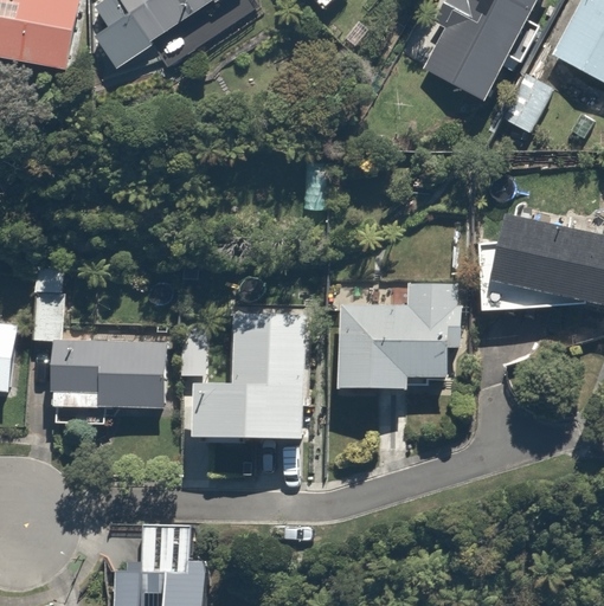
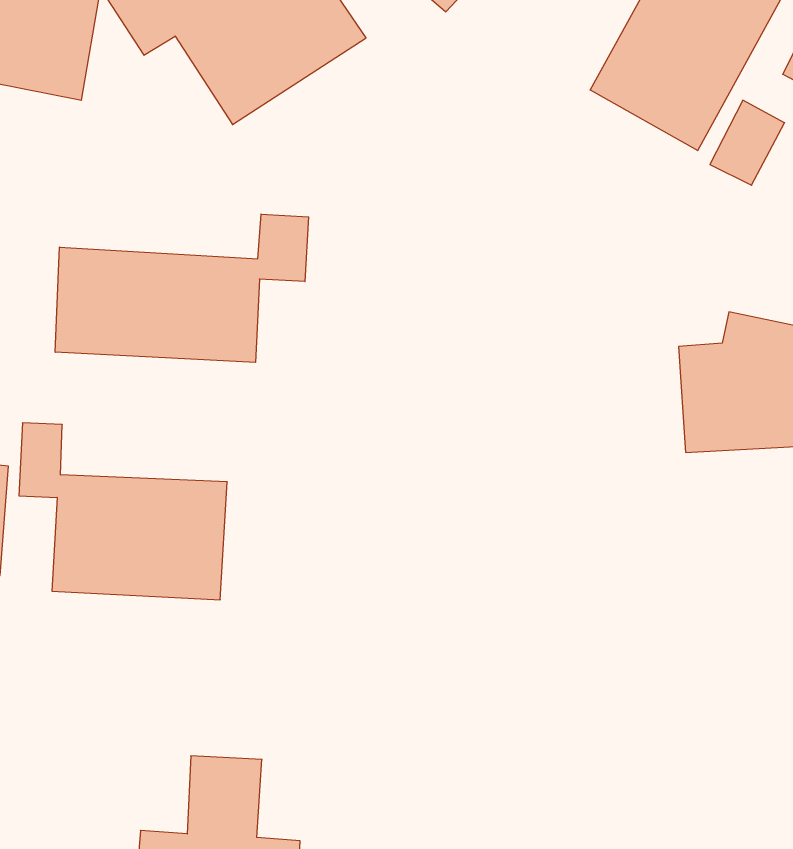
building: none -> [55,214,309,362]
building: [338,283,456,392] -> none
building: [198,310,309,441] -> none

